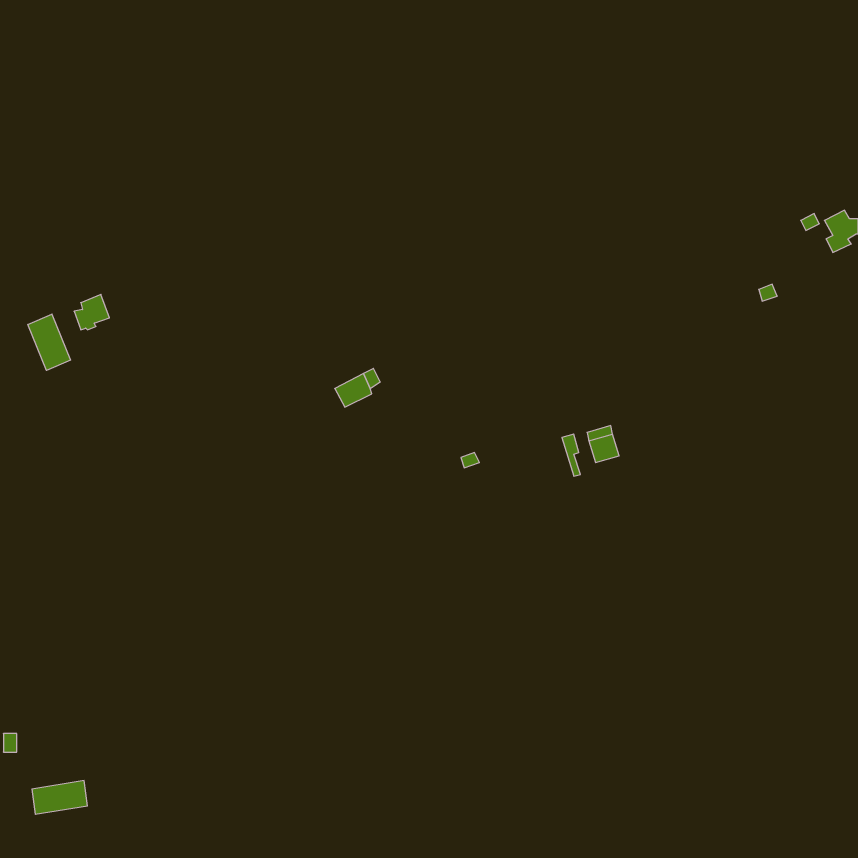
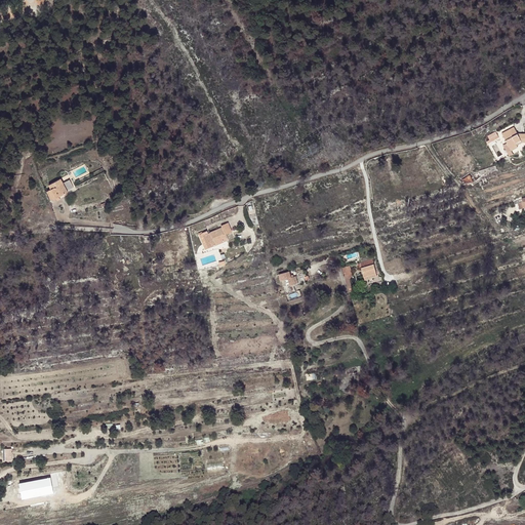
building: [28,314,70,370] -> none

